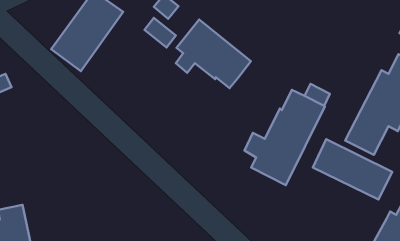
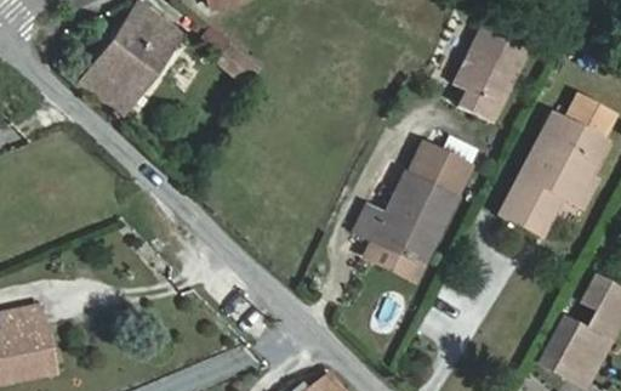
building: none -> [455,21,529,119]
building: [176,19,251,88] -> none
building: [313,139,392,199] -> none

